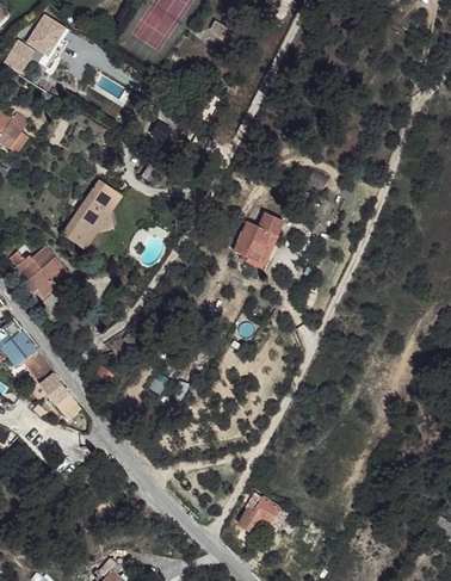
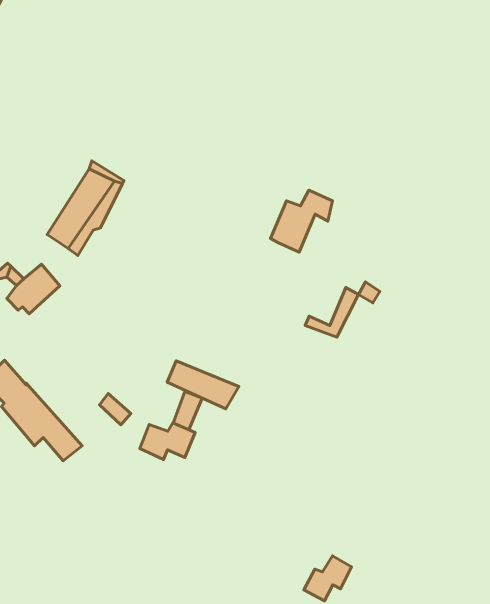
building: [235,231,278,270] -> [305,288,359,337]
building: none -> [167,361,239,409]
building: none -> [140,423,195,459]

